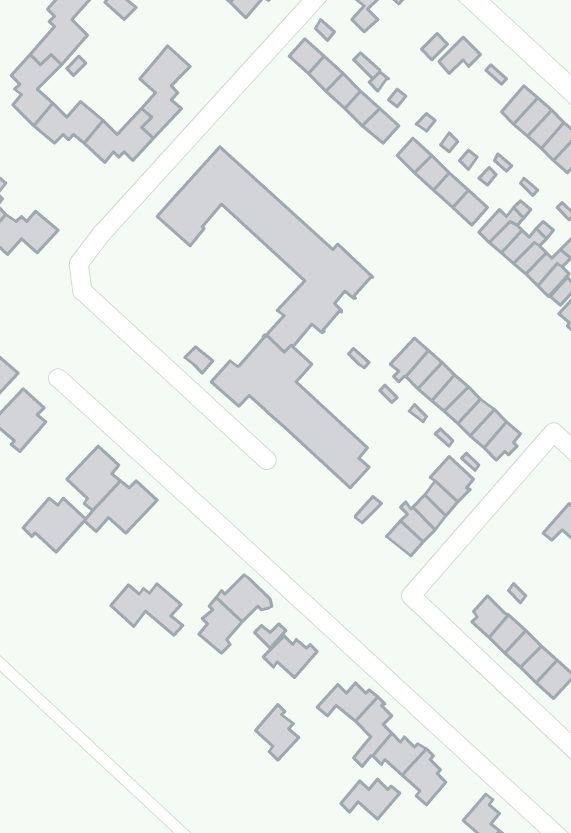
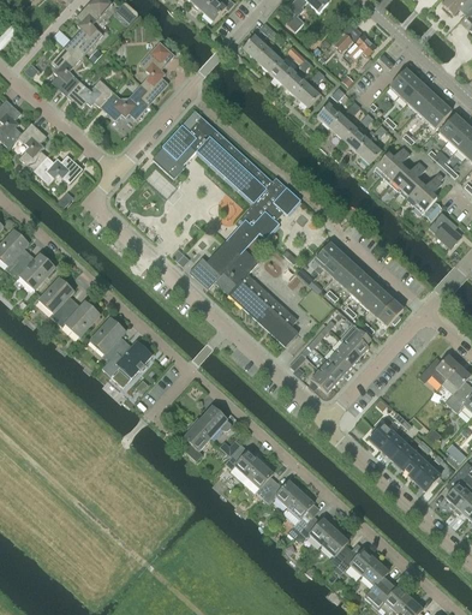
building: [23,498,86,552] -> [56,299,100,336]
building: [111,584,183,635] -> none
building: [255,704,299,760] -> [246,458,276,496]
building: [341,779,400,819] -> [337,547,378,574]

